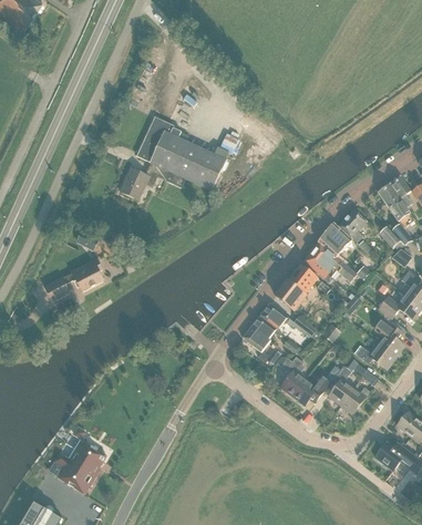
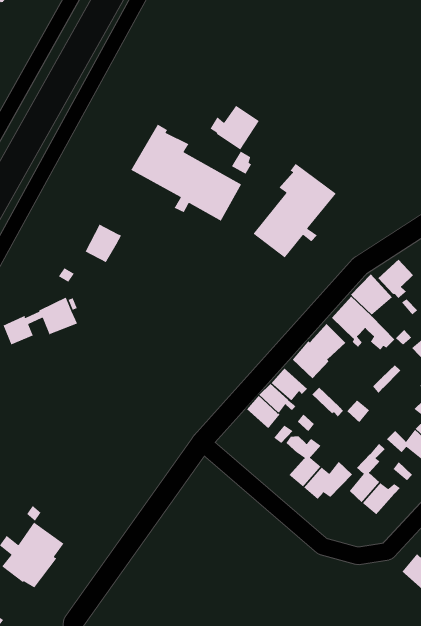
building: none -> [209,105,260,151]
building: none -> [252,163,337,258]
building: [120,167,148,198] -> [85,224,122,263]

